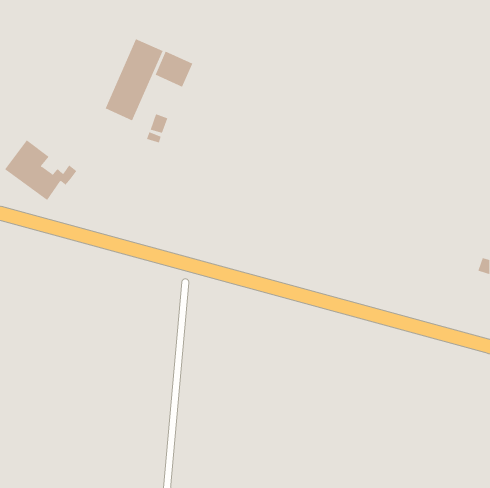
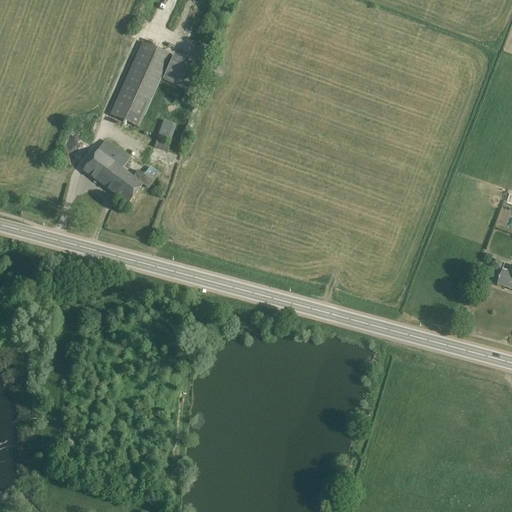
building: [4,139,77,201] -> [82,138,158,202]

